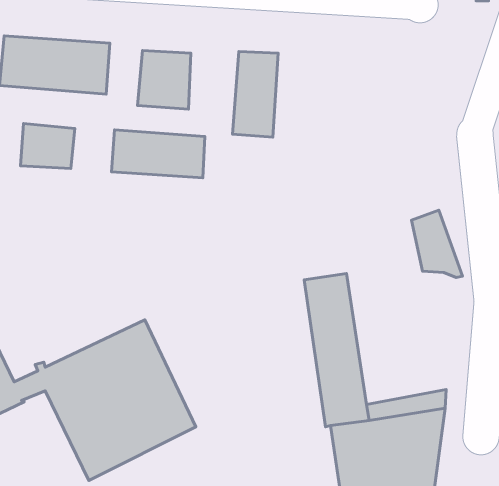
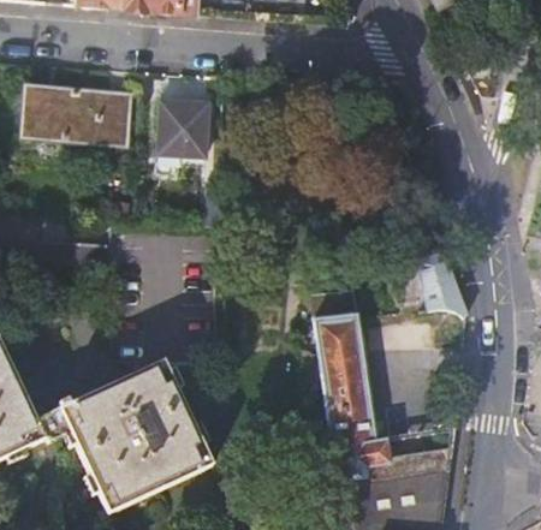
building: [233,51,278,137] -> none
building: [21,124,75,169] -> none
building: [111,130,205,178] -> none

